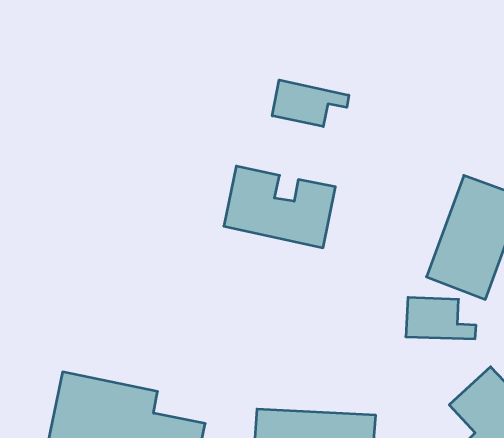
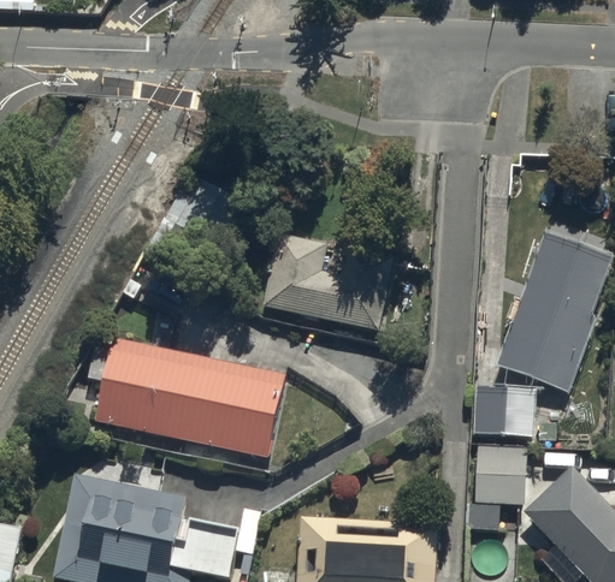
building: [272,80,349,127] -> none
building: none -> [95,338,285,456]
building: none -> [469,465,525,525]

